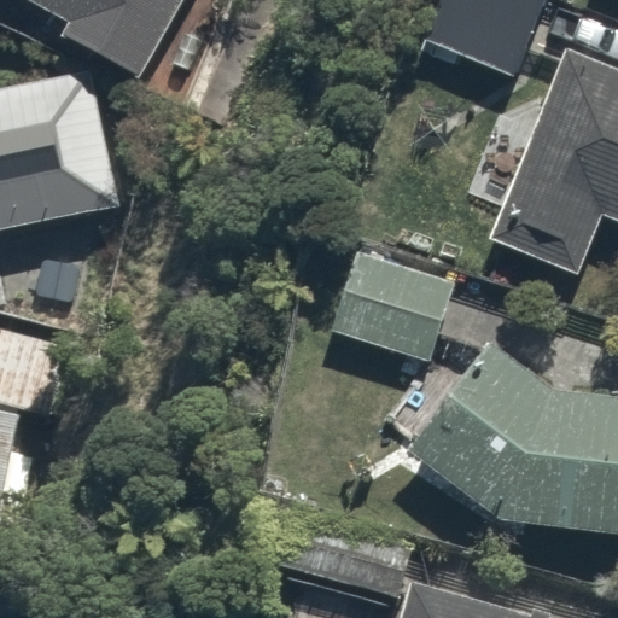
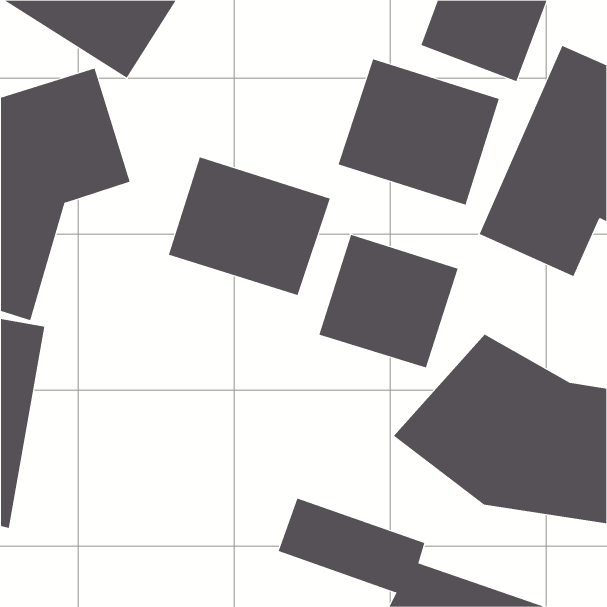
building: none -> [338,59,500,205]
building: none -> [168,157,330,296]

